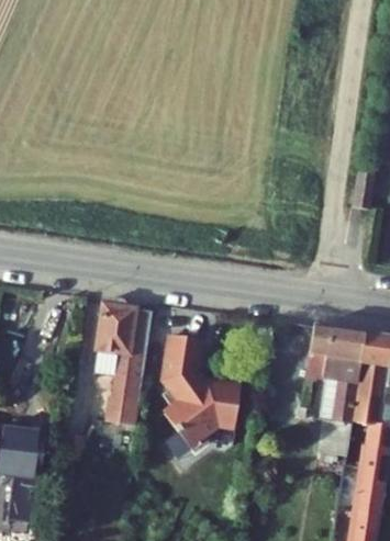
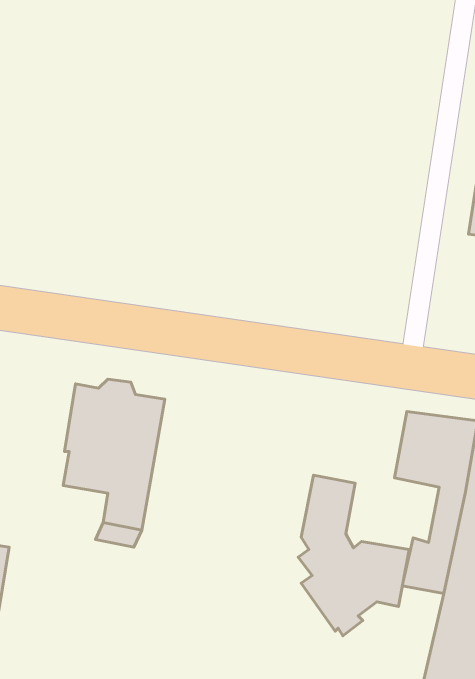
building: [159,335,238,449] -> [298,475,409,636]

